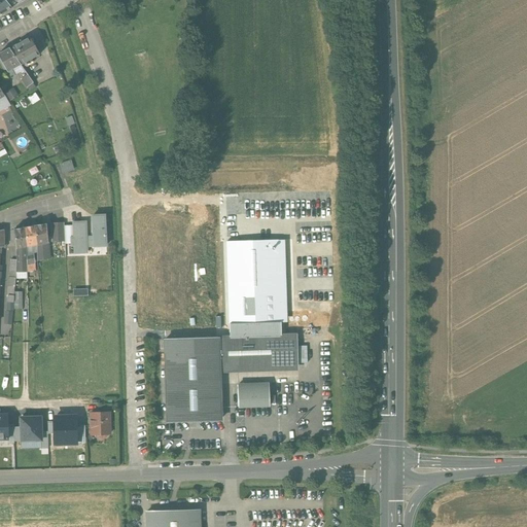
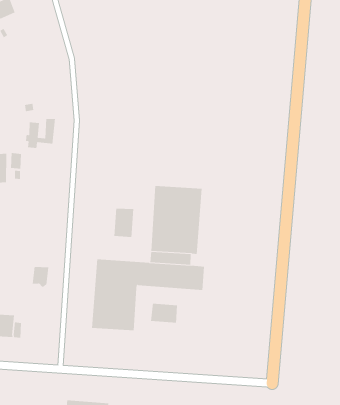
building: [71,215,105,253] -> [25,118,56,149]
building: none -> [114,208,134,238]
building: [91,412,109,436] -> [32,266,49,287]

